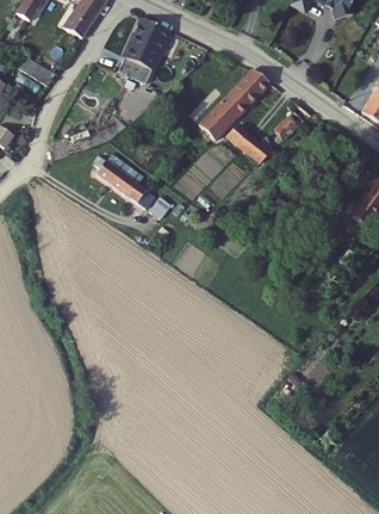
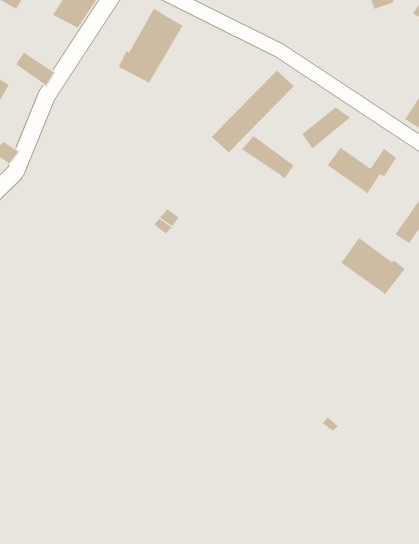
building: none -> [327,147,397,194]
building: [89,149,150,204] -> none
building: none -> [341,237,405,295]

